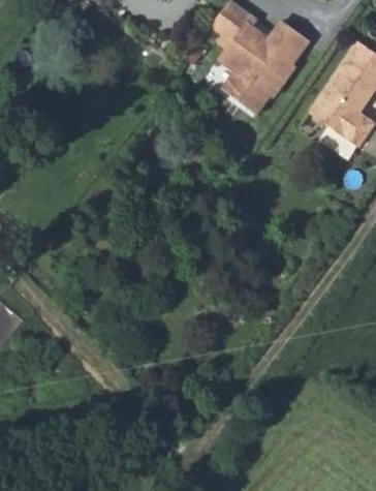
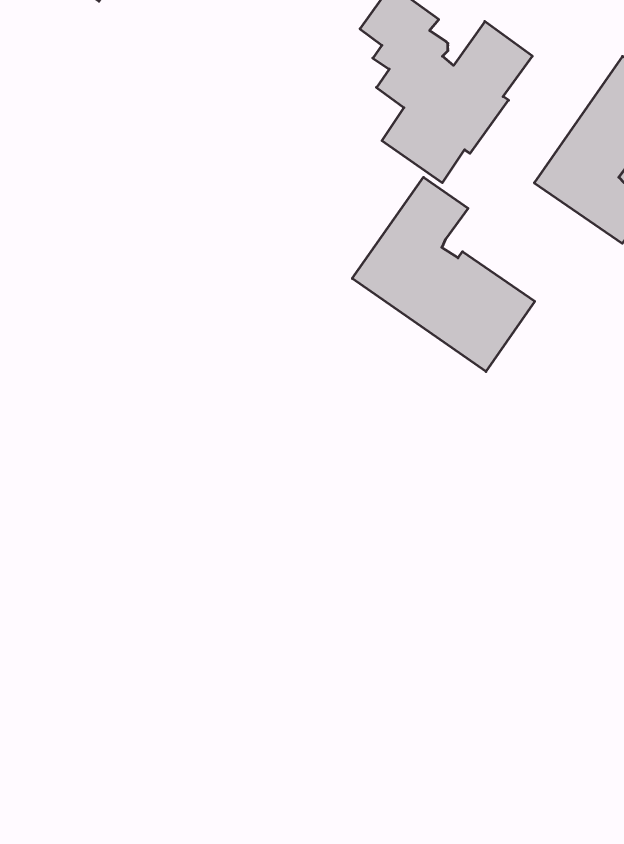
building: none -> [352,177,535,372]

